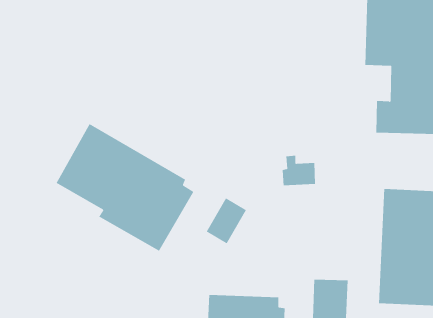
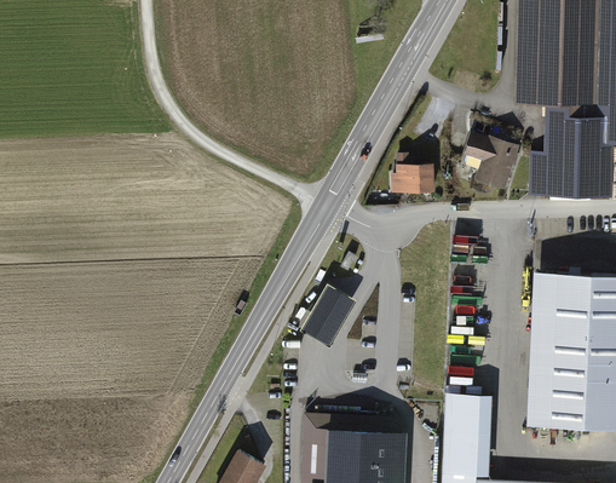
building: none -> [466,133,520,189]
building: [56,123,194,252] -> none
building: [282,155,316,186] -> [392,155,438,196]

